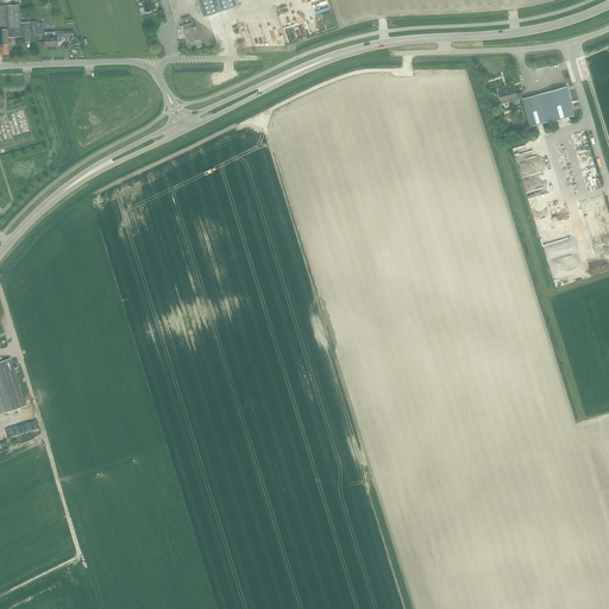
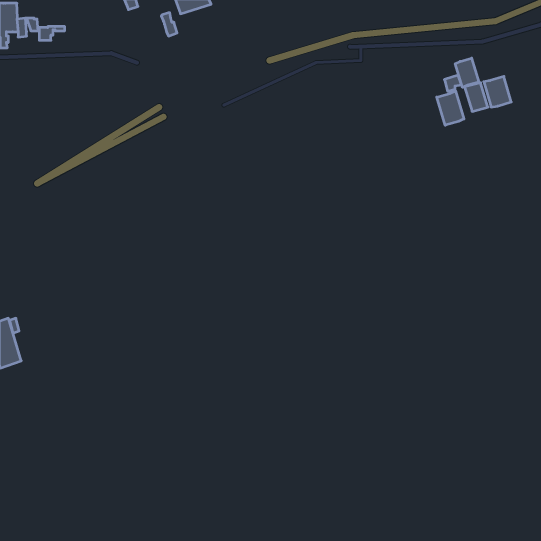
building: none -> [455,58,479,87]
building: none -> [437,91,464,125]

